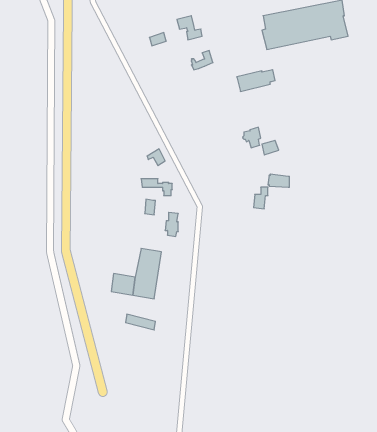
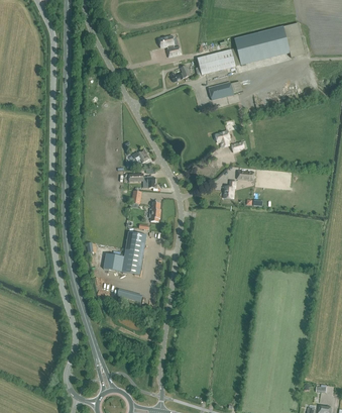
building: none -> [196,49,233,75]

